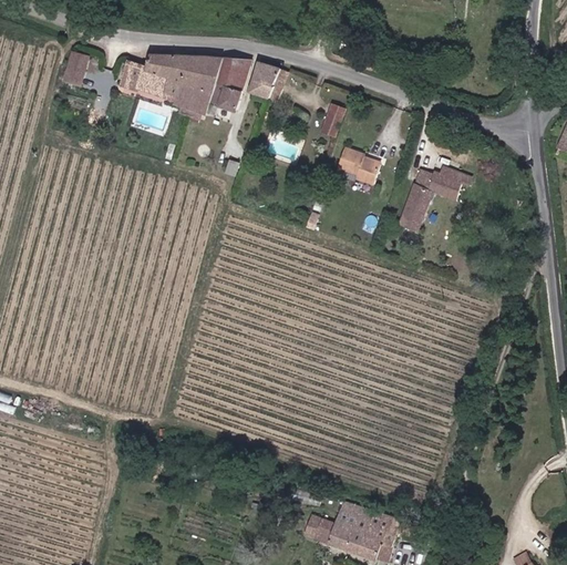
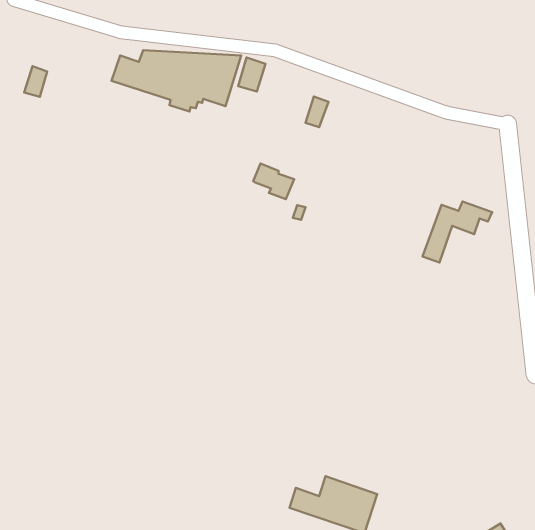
building: [62,52,86,84] -> [24,66,47,97]
building: [338,146,381,184] -> [253,163,294,199]
building: [400,164,473,228] -> [423,202,492,263]

